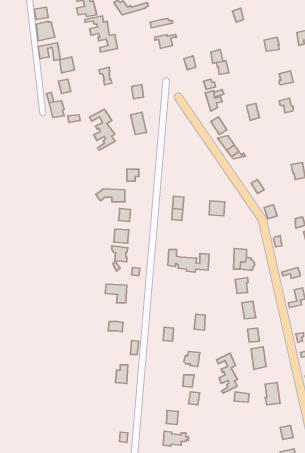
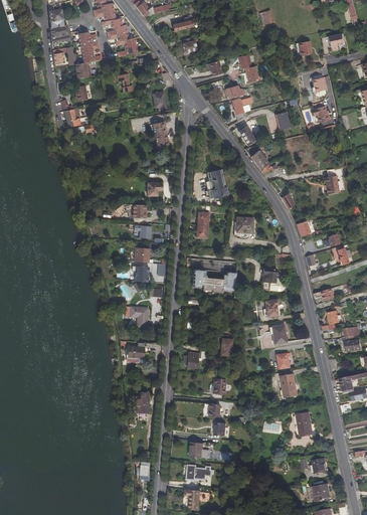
building: none -> [77,31,103,62]
building: [90,109,115,150] -> none
building: none -> [208,169,229,197]
building: [217,353,237,393] -> none

